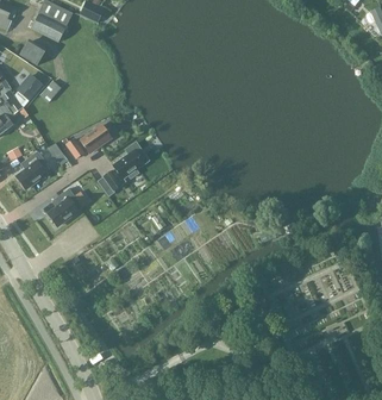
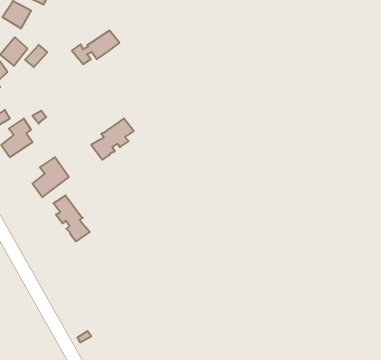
building: [65,126,111,158] -> [72,30,119,64]
building: none -> [53,195,90,241]

